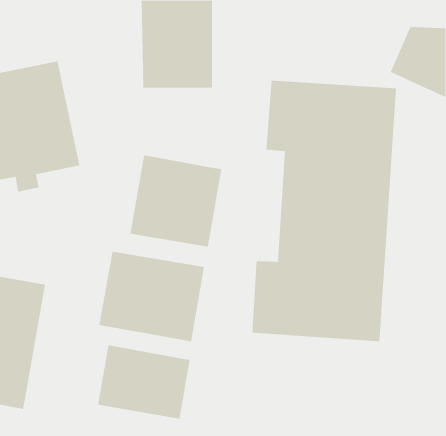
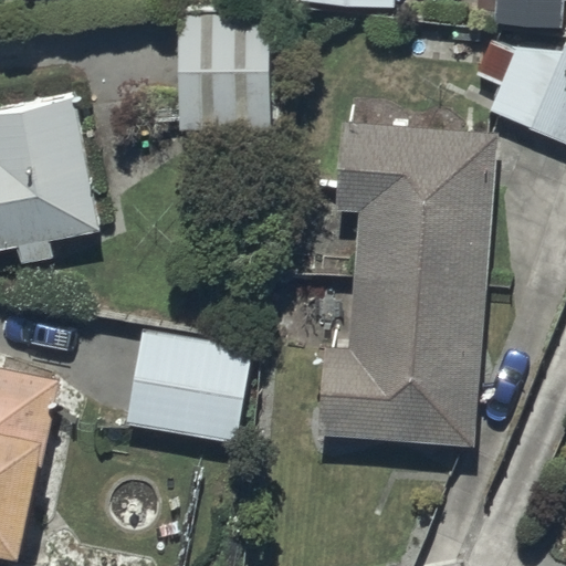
building: [130,154,222,248] -> none
building: [97,344,190,420] -> none

